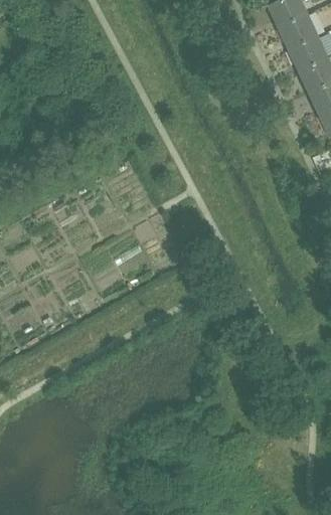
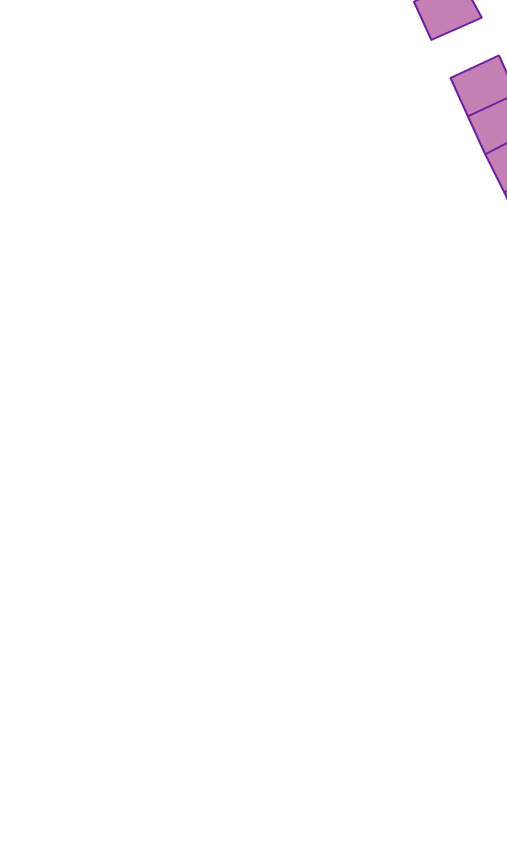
building: [278,14,317,49] -> none

